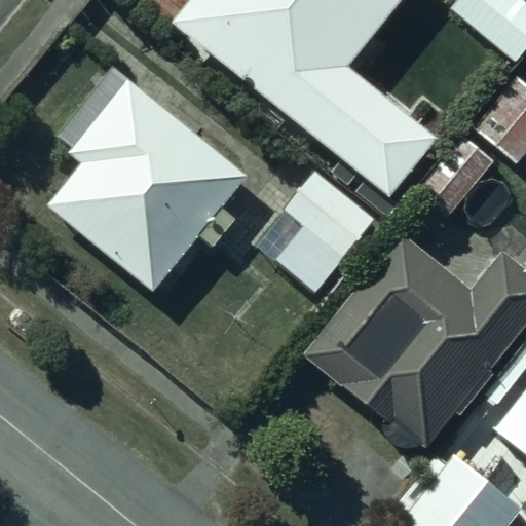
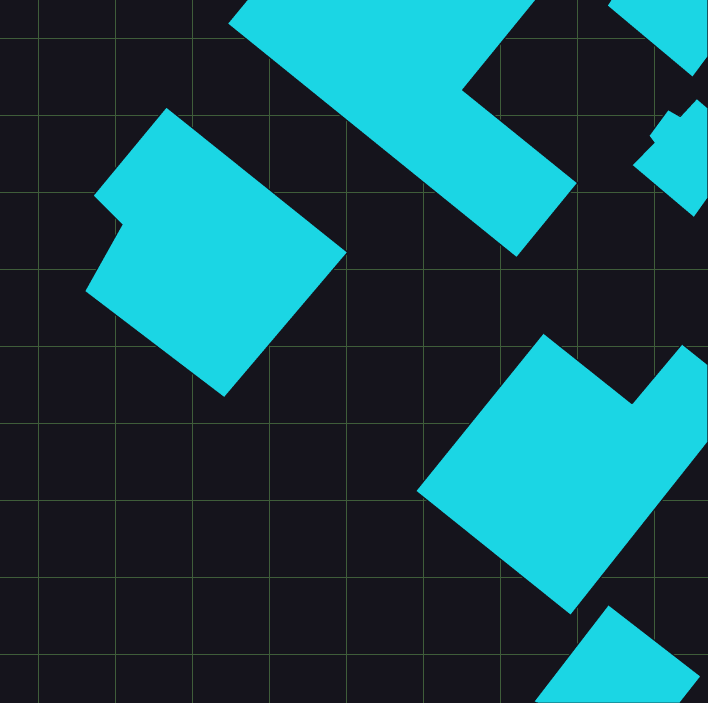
building: [254,162,387,296] -> none

